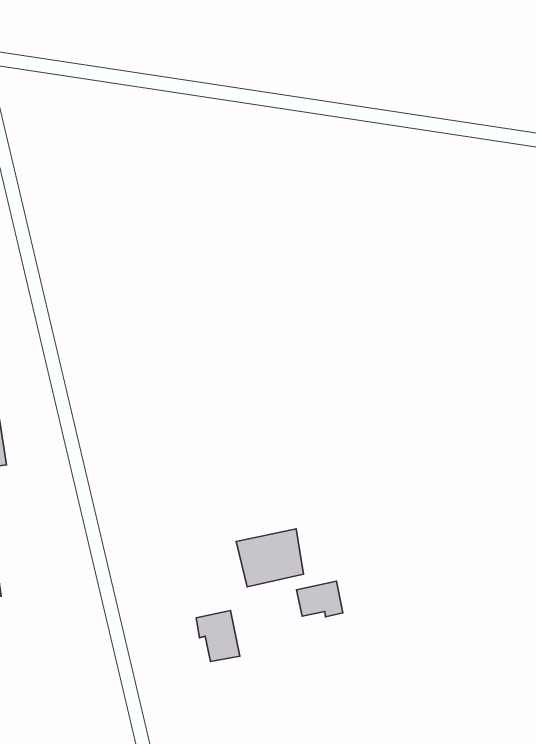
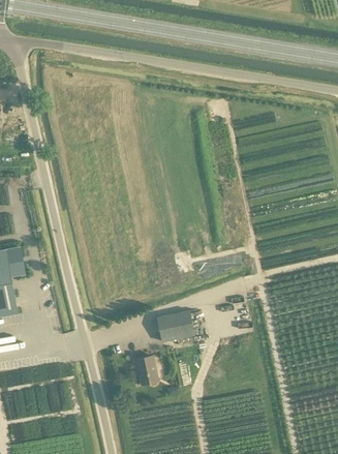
building: [296,581,343,617] -> none

